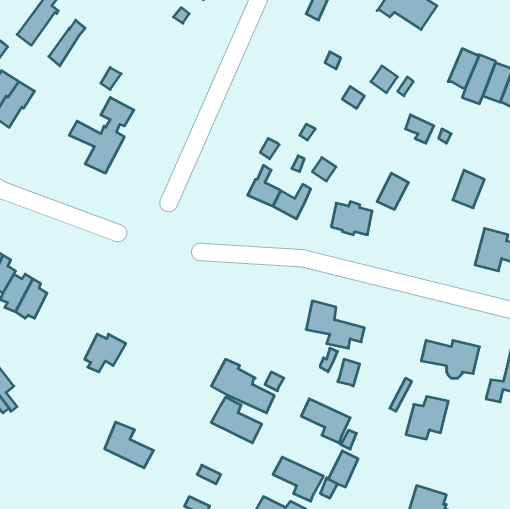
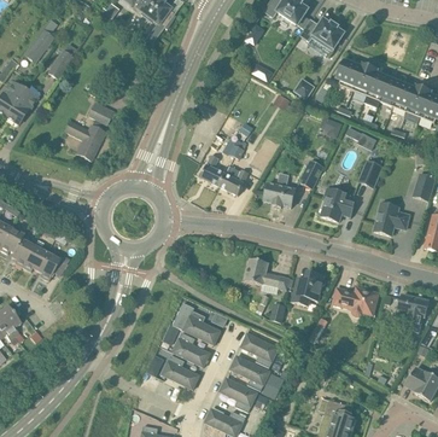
building: none -> [338,57,364,89]
building: none -> [321,187,356,221]
building: [85,334,126,372] -> [37,251,69,280]
building: [406,397,448,439] -> [292,272,325,304]
building: [105,422,154,468] -> [163,352,200,388]
building: none -> [230,354,270,389]

